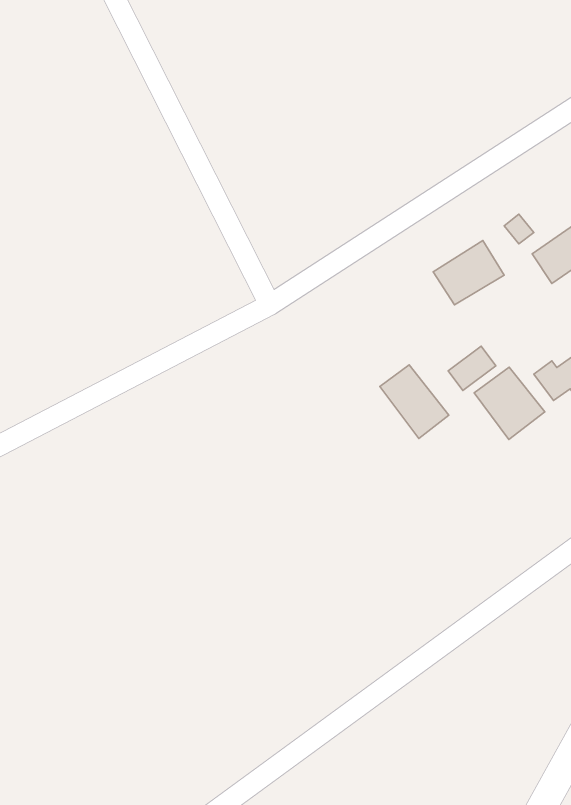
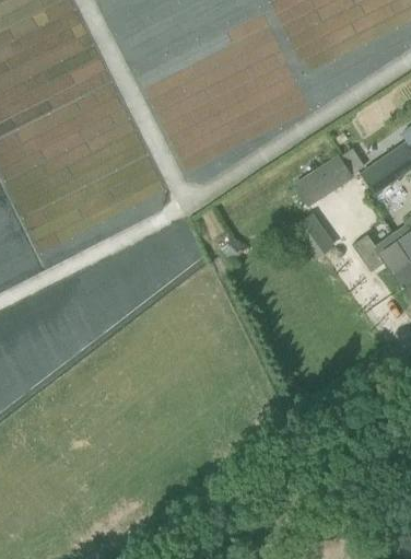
building: [380,365,449,438] -> none
building: [474,367,545,439] -> none

